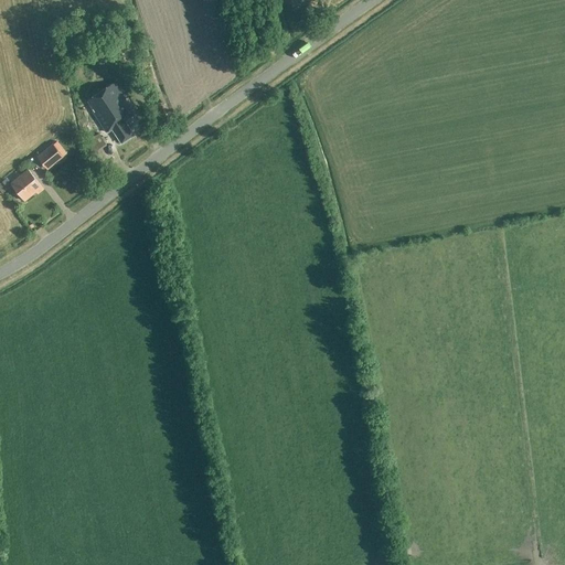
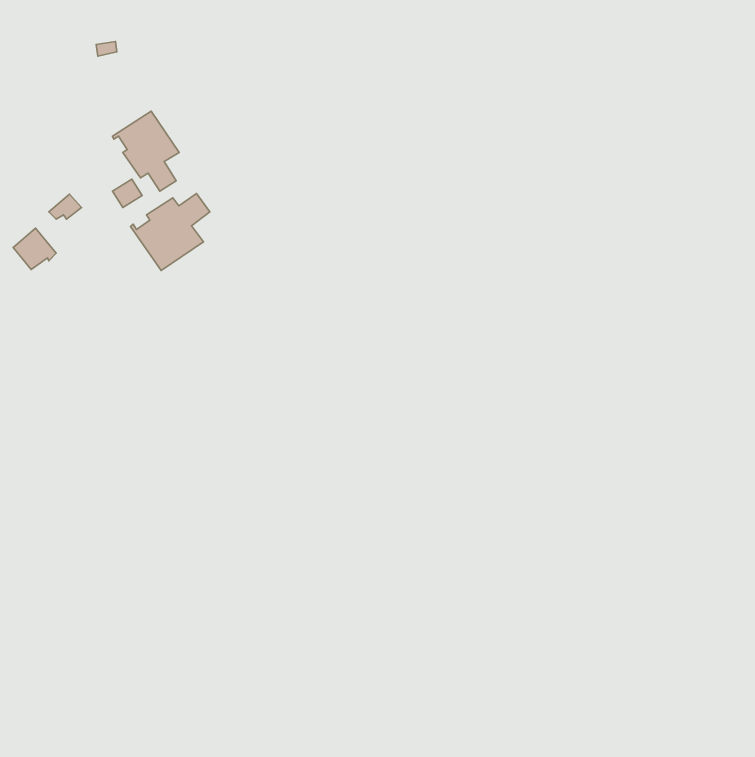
building: none -> [131,194,210,270]

